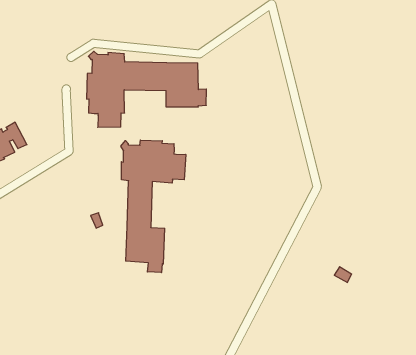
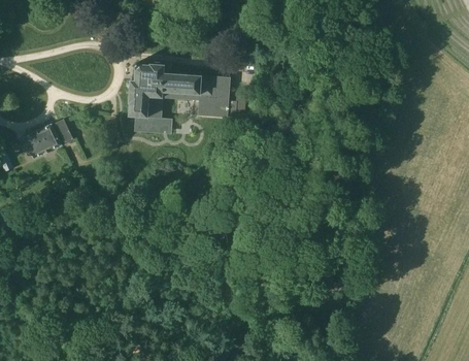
building: [121,140,186,273] -> none

